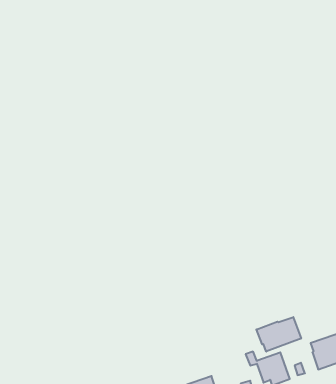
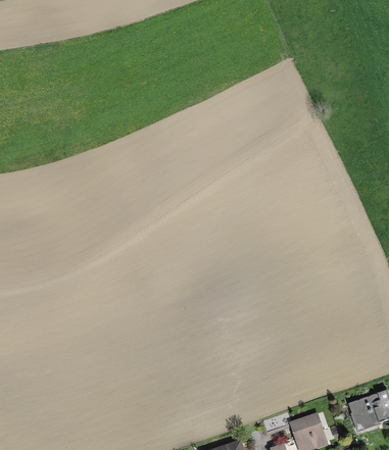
building: [256,317,301,352] -> none

